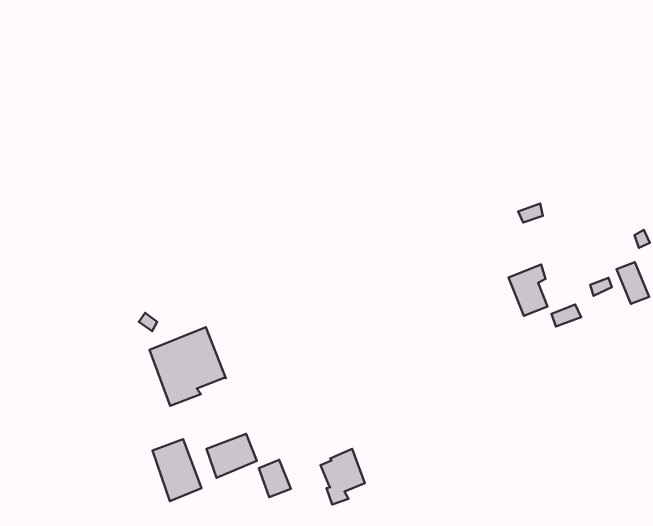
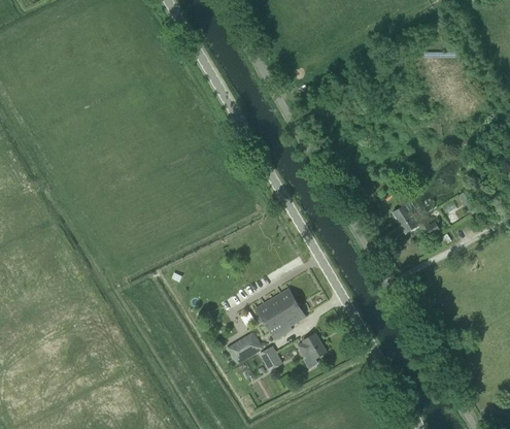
building: [149,327,226,406] -> [257,288,306,339]
building: [152,439,202,501] -> none

